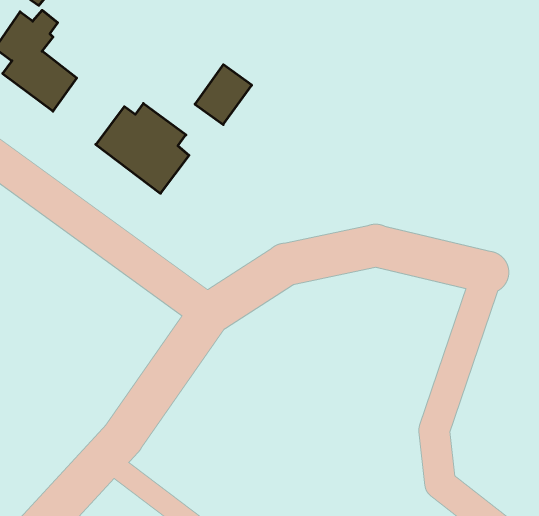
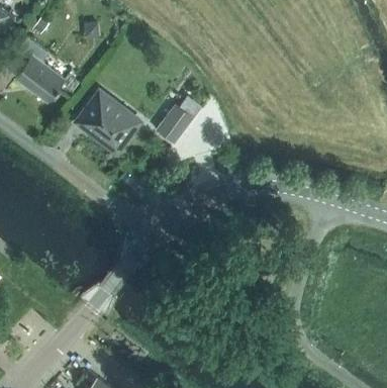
building: [195,65,252,125] -> [157,105,193,143]

